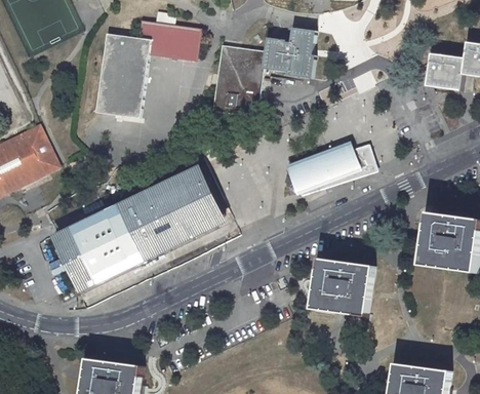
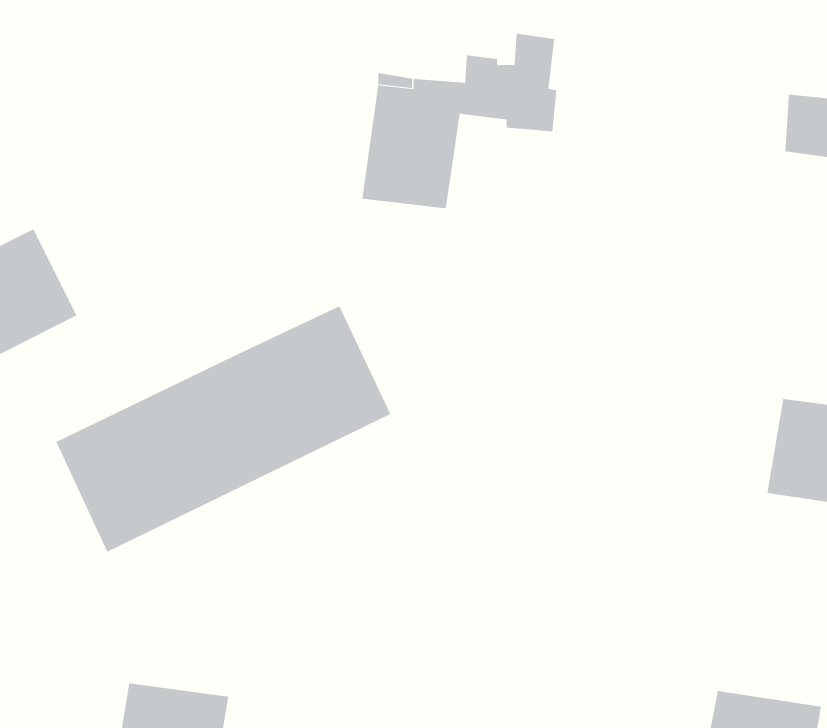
building: [93,10,199,116] -> none
building: [287,143,371,193] -> none
building: [313,260,374,317] -> none

